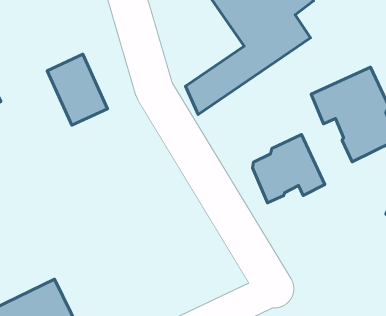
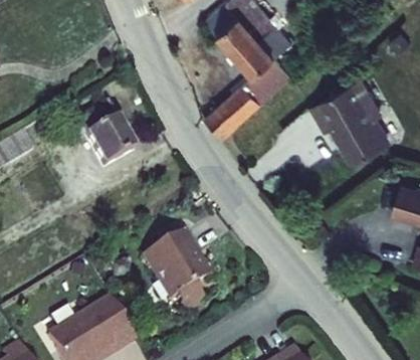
building: [252,135,325,203] -> none
building: none -> [139,230,212,321]

